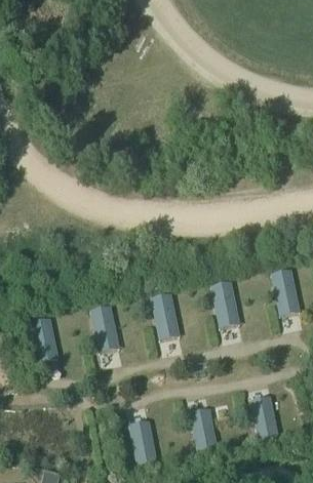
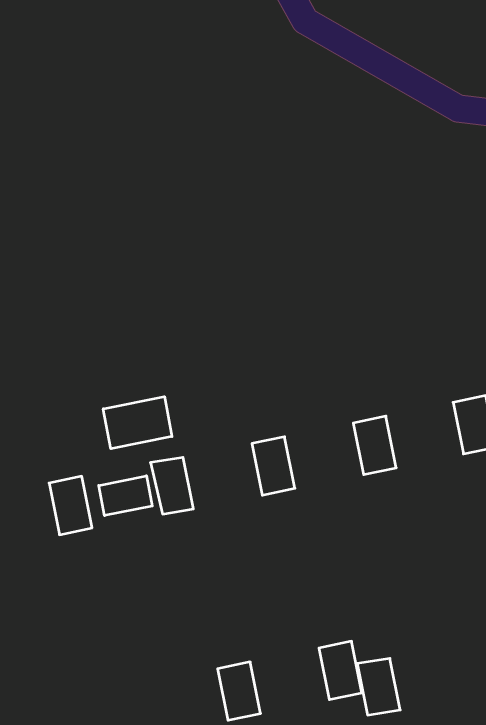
building: none -> [103,397,172,449]
building: none -> [99,476,152,516]
building: [252,405,278,439] -> [357,658,400,715]

